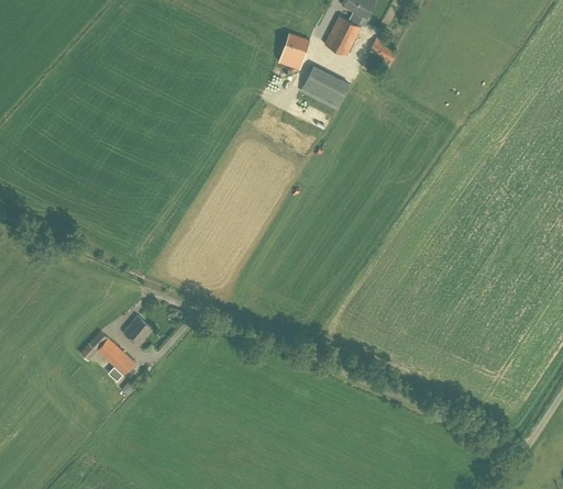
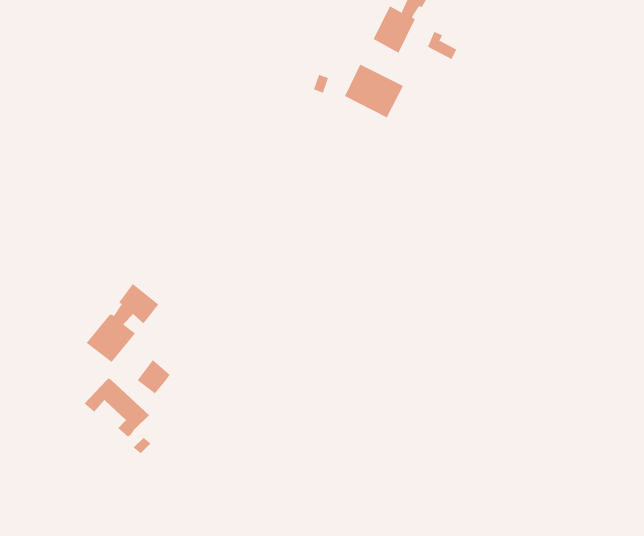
building: [277,33,309,69] -> none
building: none -> [86,283,159,363]

